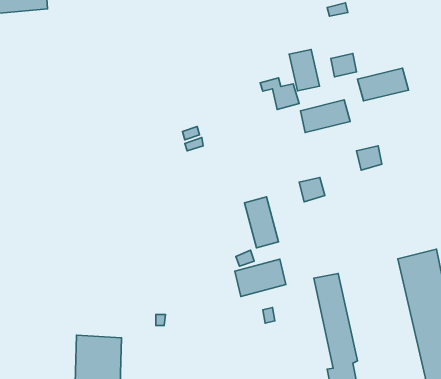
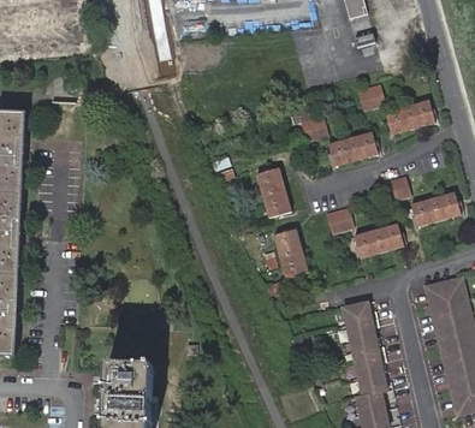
building: [289,50,319,91] -> none
building: none -> [256,166,290,214]
building: none -> [411,194,461,225]
building: none -> [354,222,403,256]
building: [235,259,286,297] -> none

